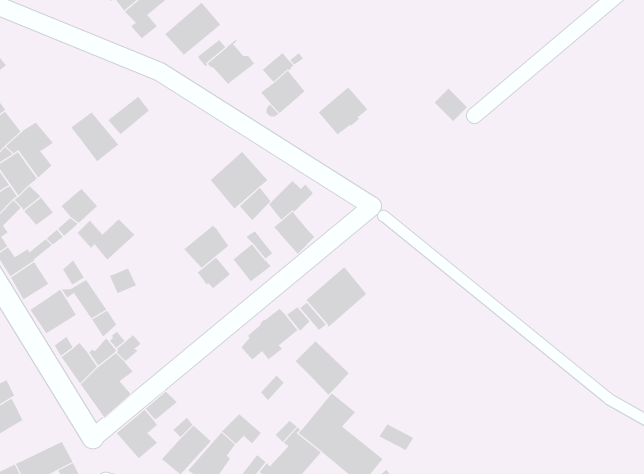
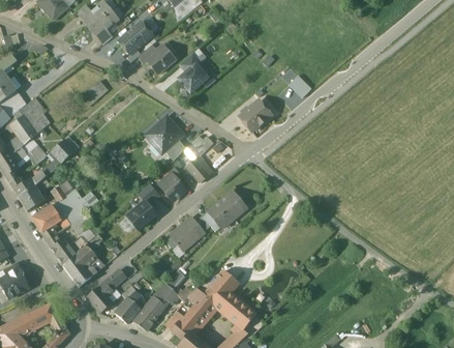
building: [318,87,368,135] -> [239,99,271,130]
building: [71,112,119,162] -> none
building: [77,218,135,260] -> none
building: [184,225,229,269] -> [126,201,155,229]
building: [295,340,349,396] -> none

